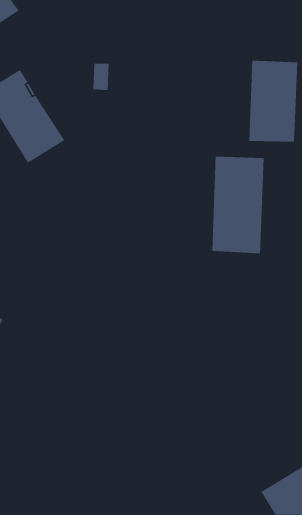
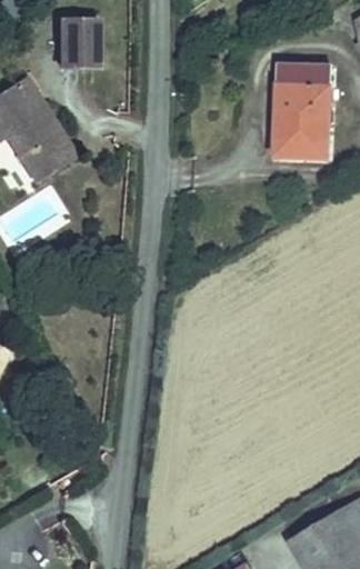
building: none -> [60,20,98,68]
building: [212,156,264,254] -> none

